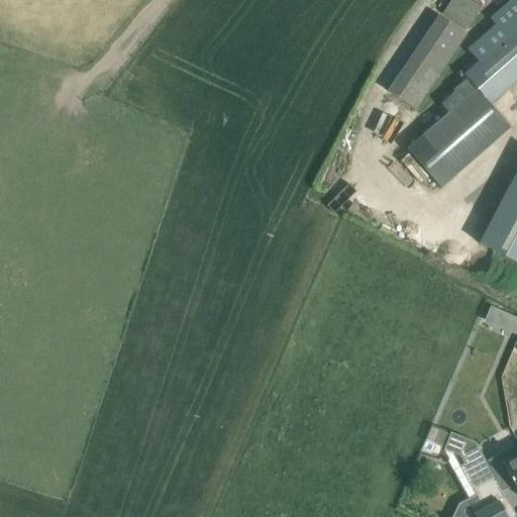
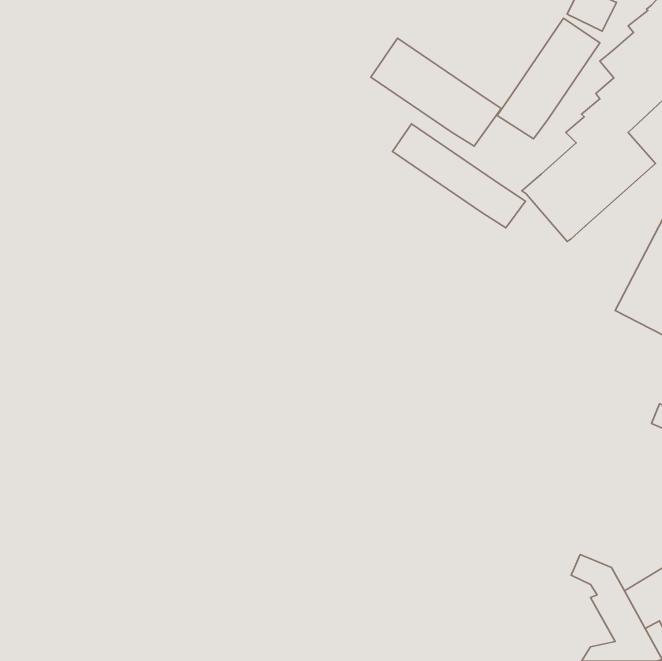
building: none -> [371,38,501,146]
building: none -> [393,124,525,228]

